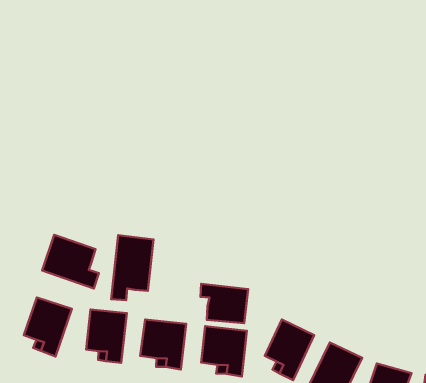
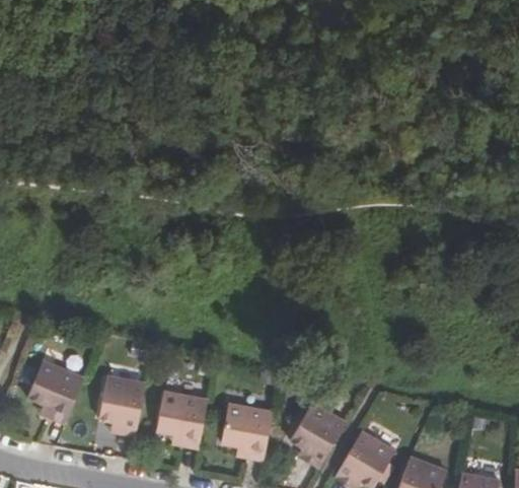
building: [42,235,99,288] -> none
building: [111,235,154,300] -> none
building: [201,284,248,323] -> none

